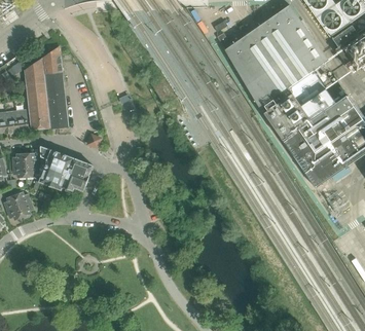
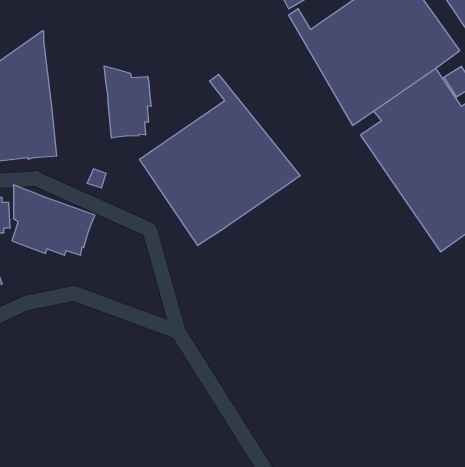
building: none -> [104,66,151,138]
building: none -> [140,74,300,246]

